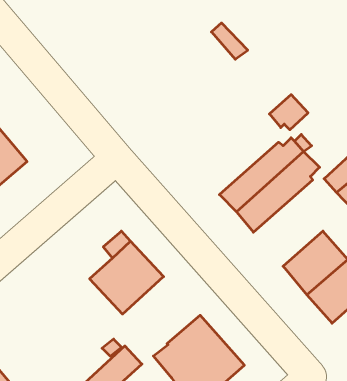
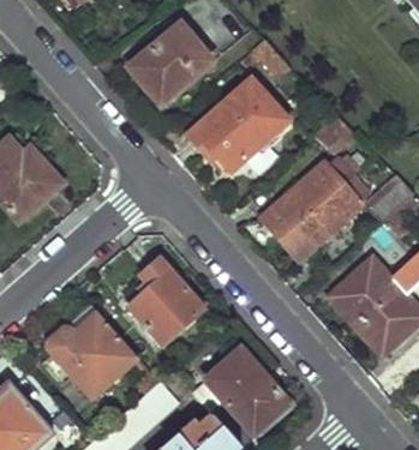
building: none -> [132,25,211,101]
building: none -> [190,77,289,175]
building: none -> [50,312,139,392]

